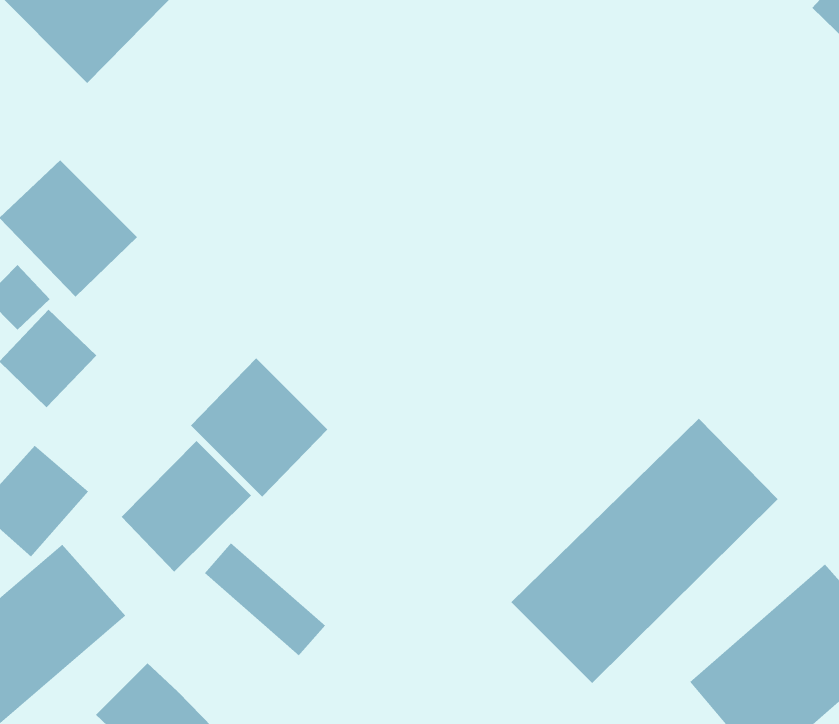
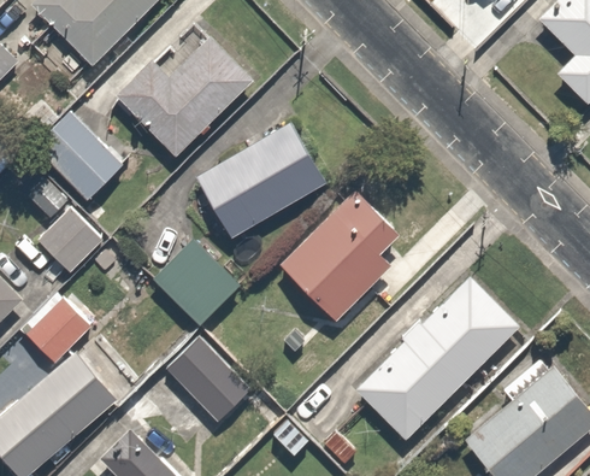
building: none -> [118,35,253,155]
building: none -> [199,125,329,237]
building: none -> [282,188,411,319]
building: [121,440,252,573] -> none

